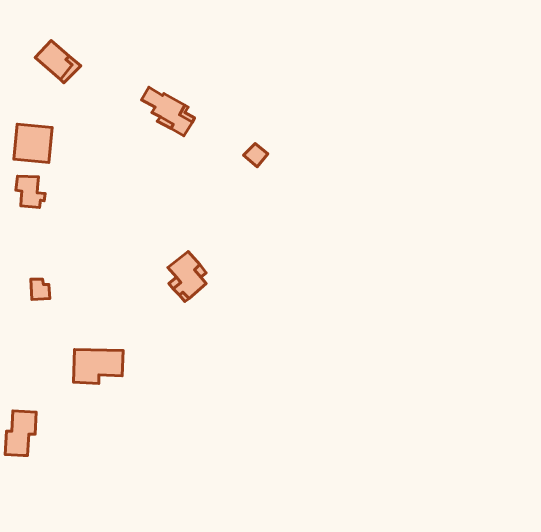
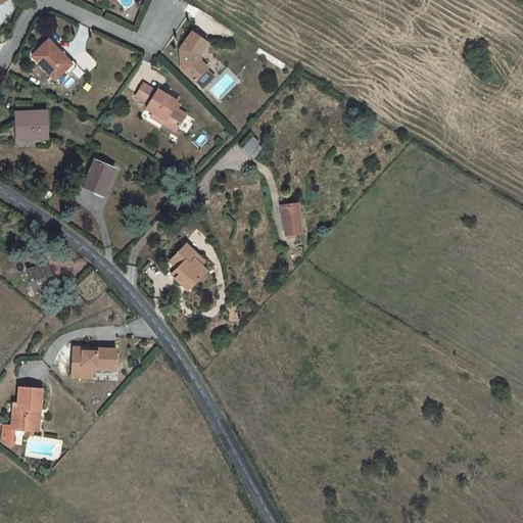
building: none -> [182,28,209,80]
building: none -> [79,161,111,196]
building: [16,176,45,207] -> none
building: none -> [278,207,298,238]

